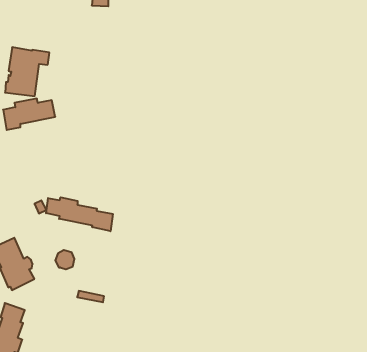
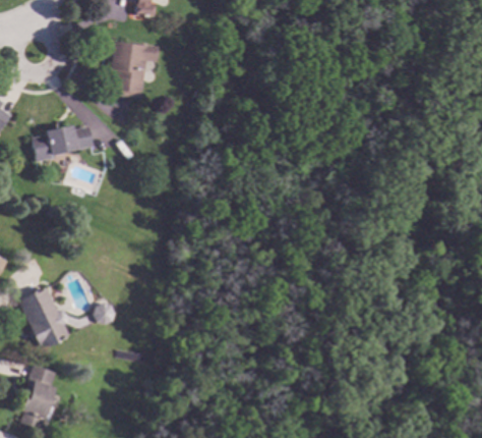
building: [5,47,49,96] -> [107,41,159,98]
building: [46,197,113,231] -> none

